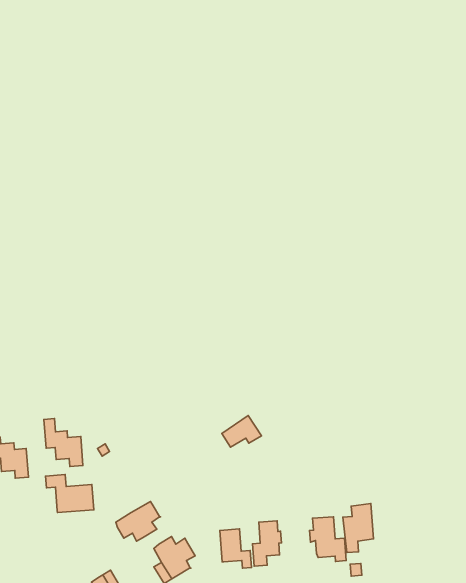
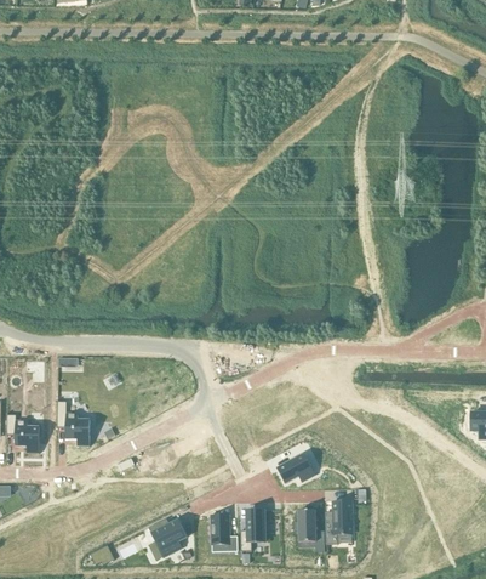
building: [222,416,261,447] -> [278,453,314,481]
building: [46,475,94,513] -> none
building: [116,502,161,541] -> none

